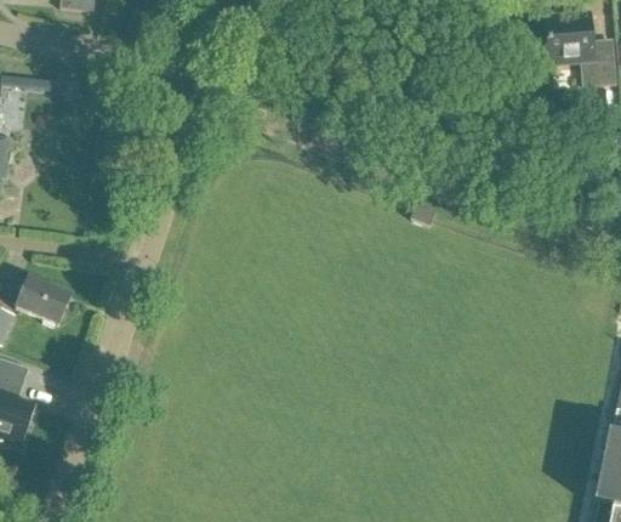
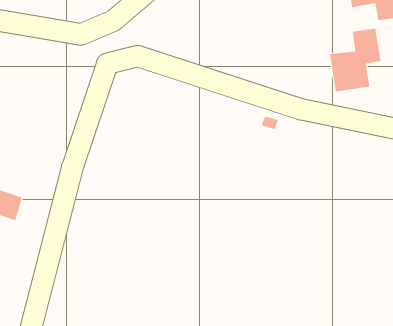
building: none -> [330,28,381,92]

